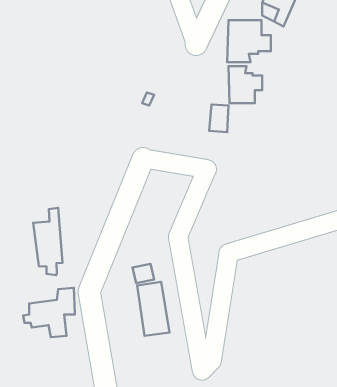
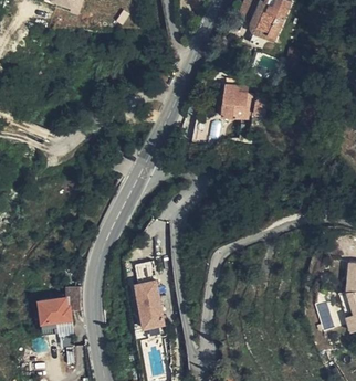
building: [227,20,271,62] -> none
building: [33,208,62,275] -> none

